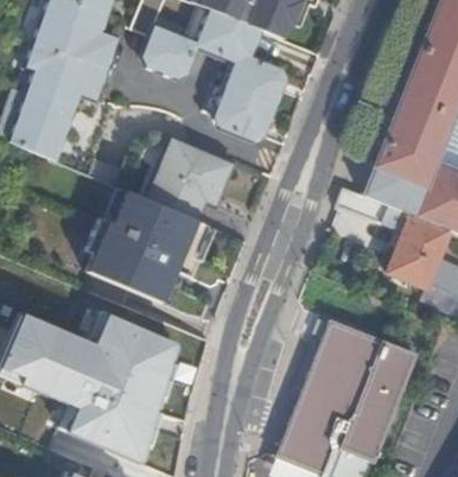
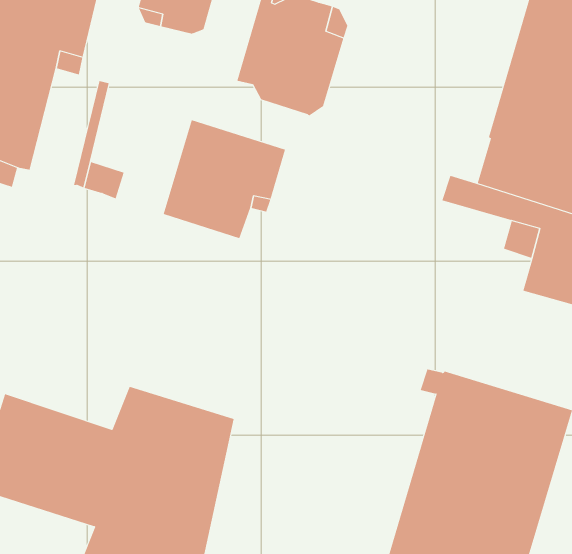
building: [90,191,198,304] -> none

